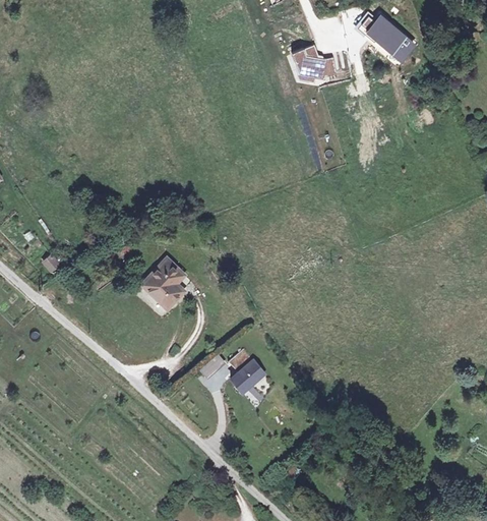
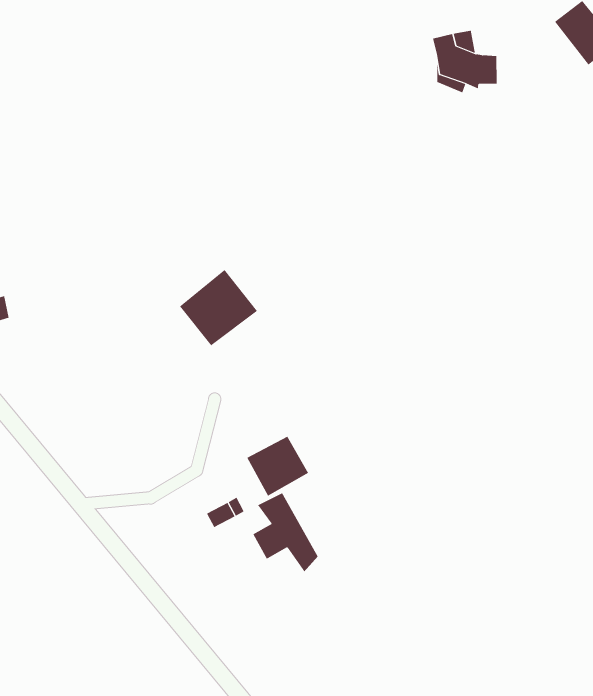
building: [144,262,193,310] -> [179,269,258,346]
building: none -> [246,436,309,496]

